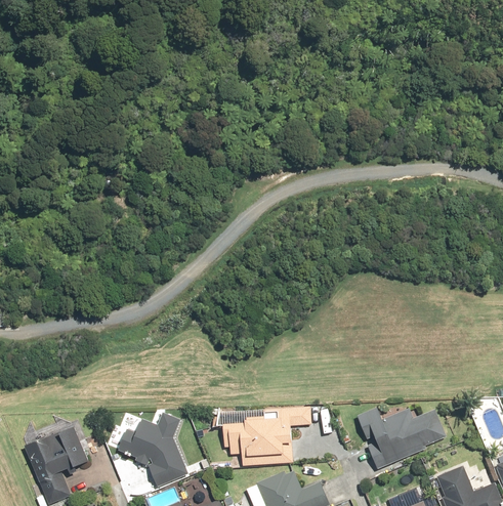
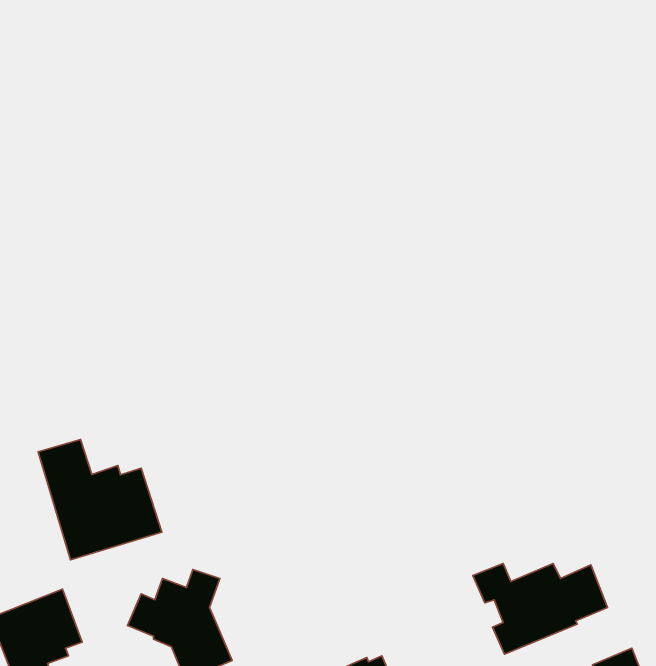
building: none -> [38,440,162,560]
building: [219,406,310,466] -> none

